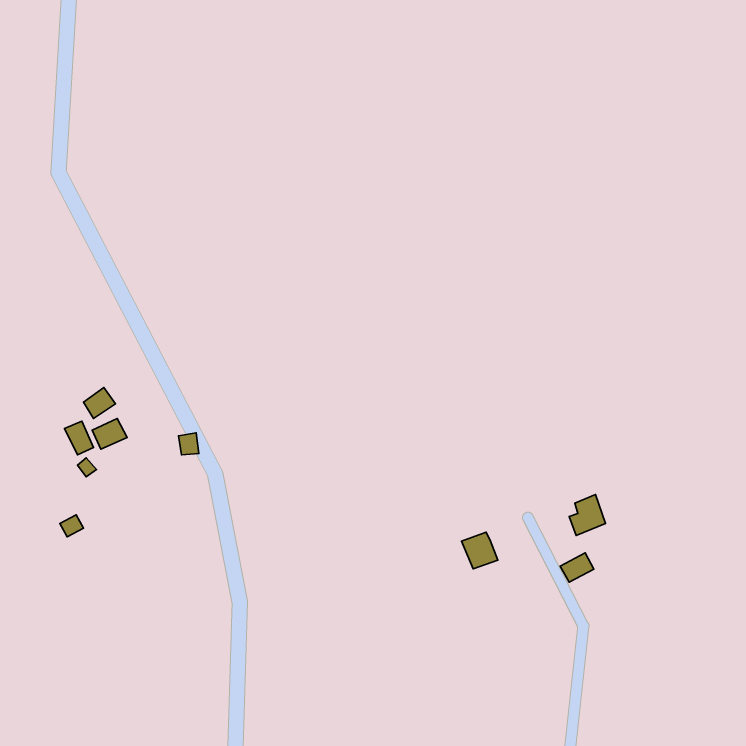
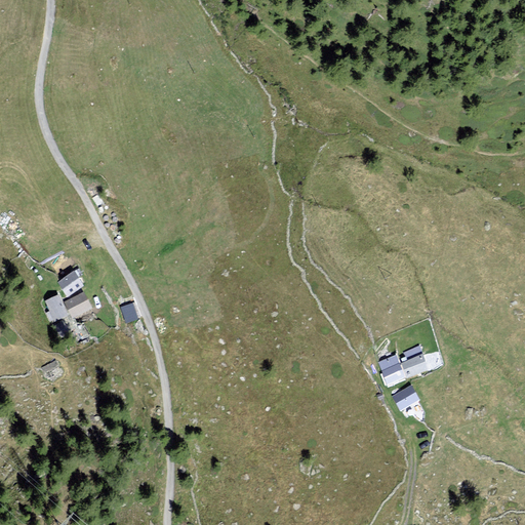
building: [461,532,498,569] -> [378,356,404,381]

